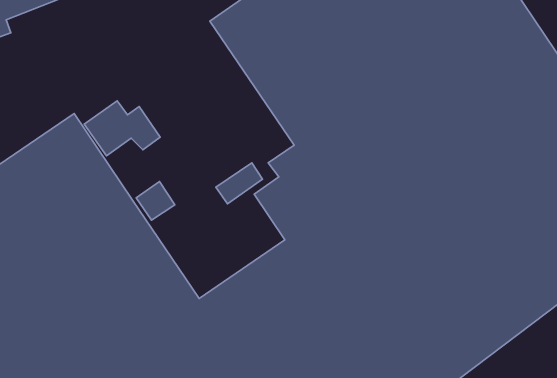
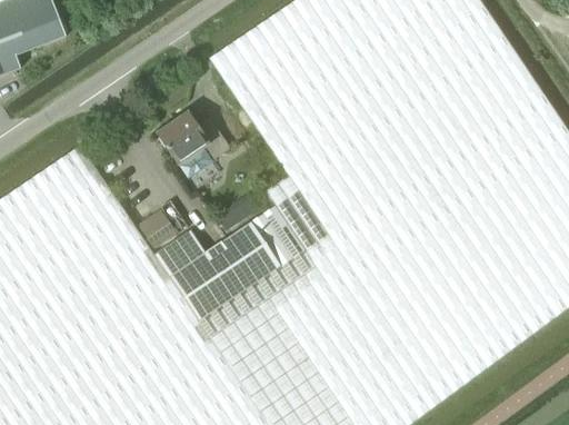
building: [84,101,160,156] -> [156,115,228,167]
building: none -> [152,224,279,323]

